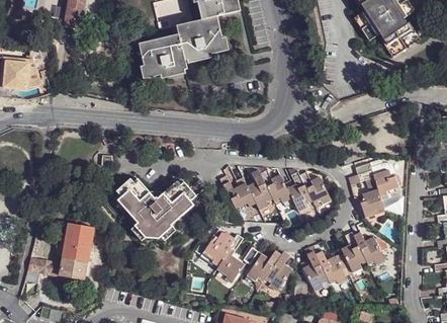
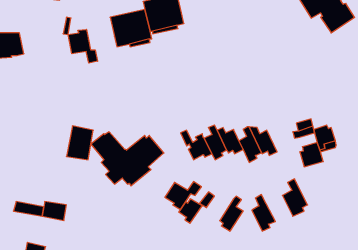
building: none -> [68,29,98,63]
building: [62,222,93,261] -> [66,126,93,160]
building: [354,232,385,265] -> none
building: [245,249,281,282] -> none
building: [316,249,350,285] -> none

